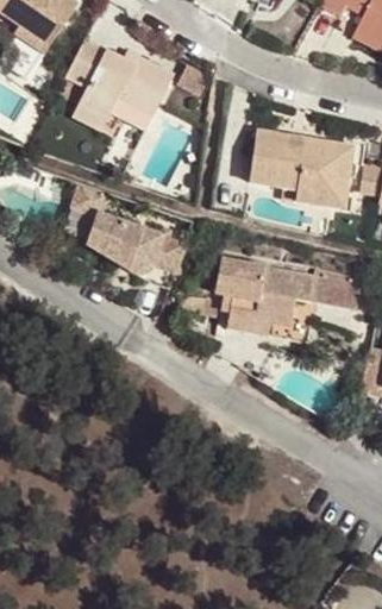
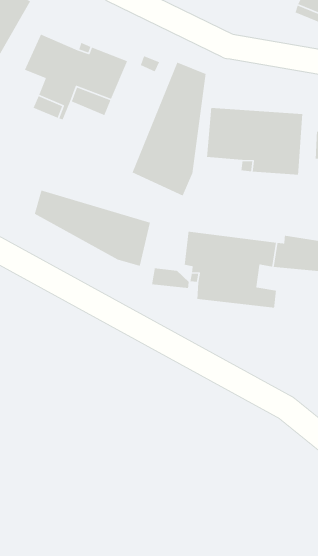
building: none -> [132,62,206,197]

